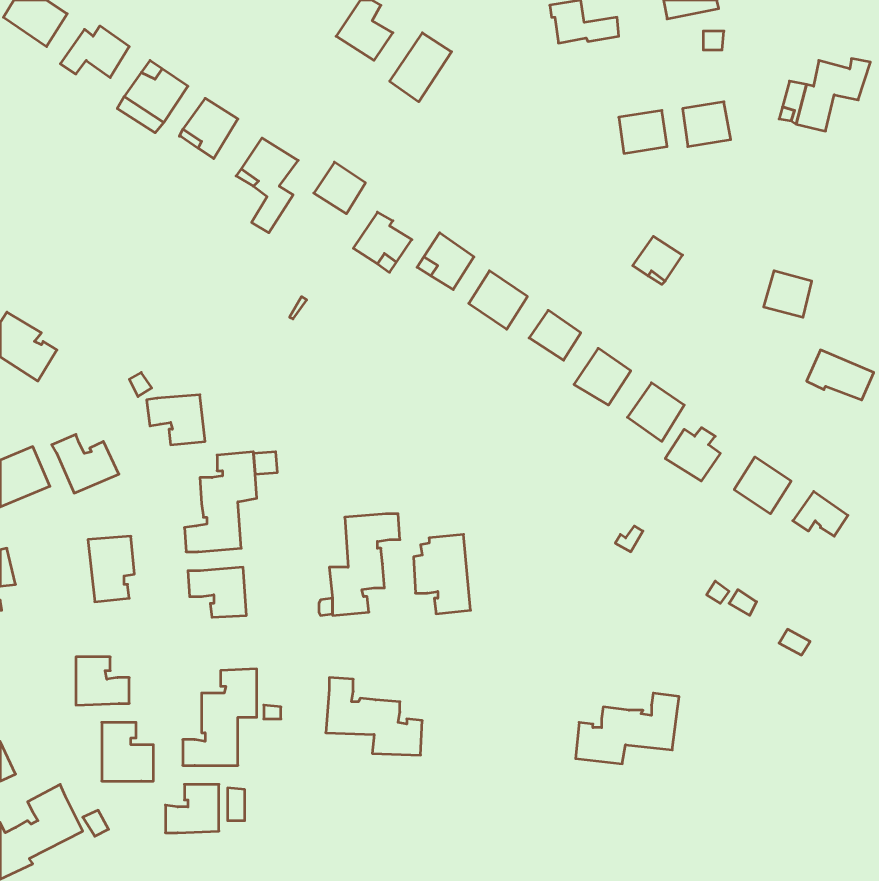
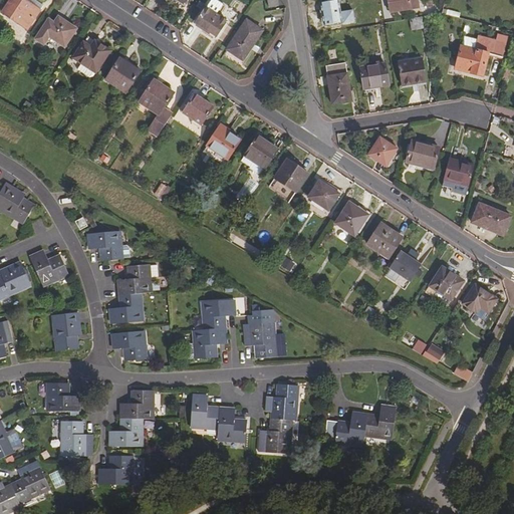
building: none -> [327,62,353,103]
building: none -> [409,141,441,168]
building: none -> [253,382,298,453]

